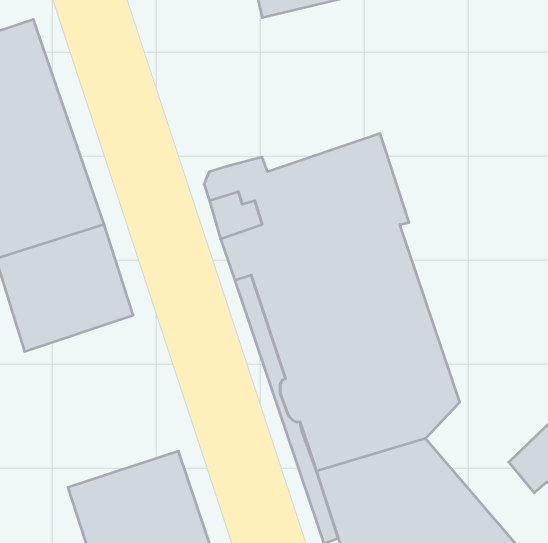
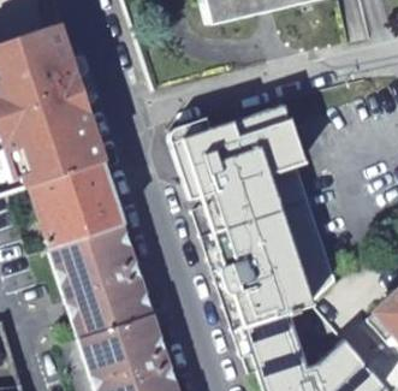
building: none -> [48,221,152,336]

